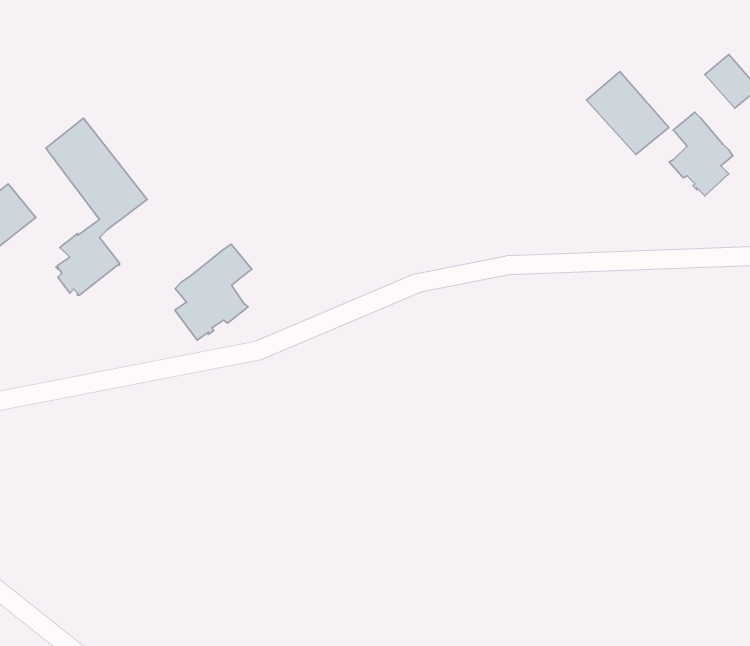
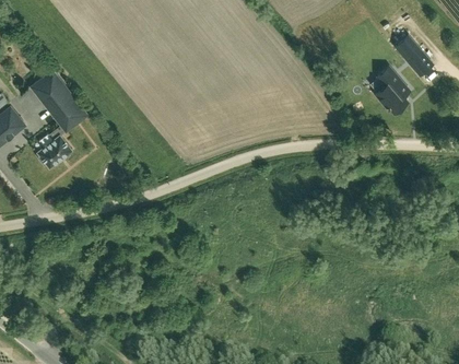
building: [586,71,669,154] -> none
building: [175,244,252,340] -> none

